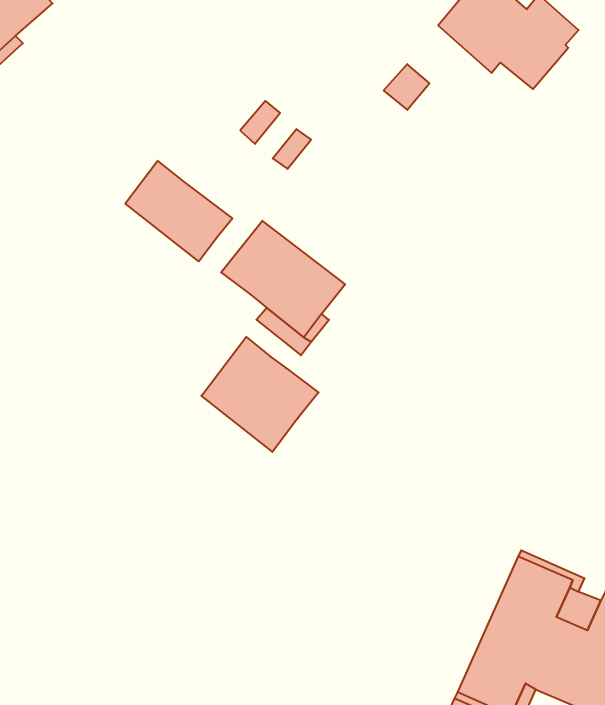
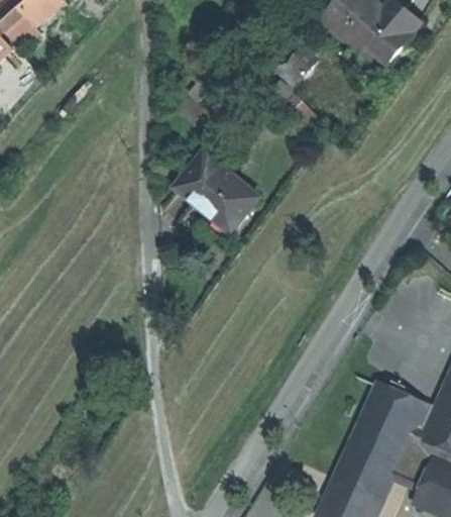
building: [125,161,232,261] -> none
building: [201,337,319,452] -> none

